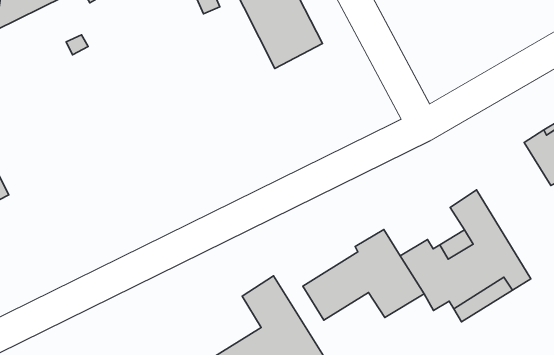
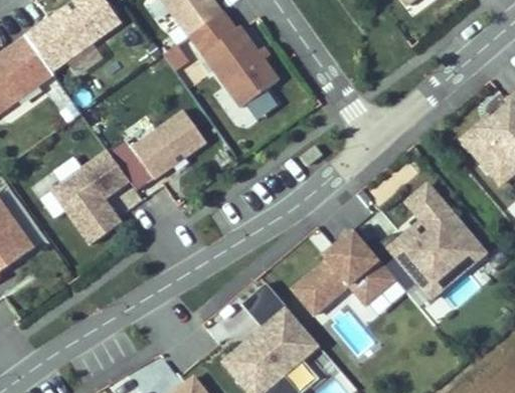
building: none -> [133,110,207,179]
building: none -> [52,150,130,243]

